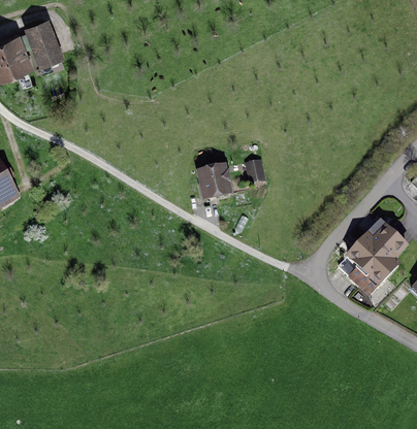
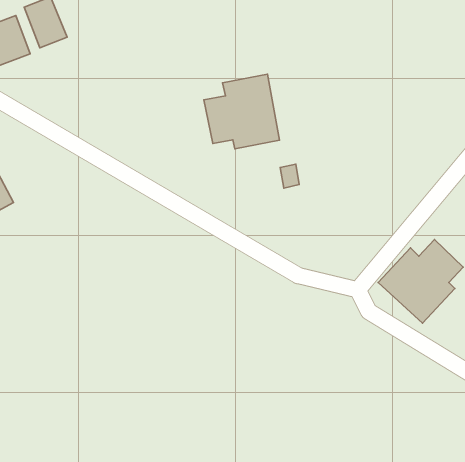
building: none -> [204,74,280,149]
building: [199,165,231,199] -> none

